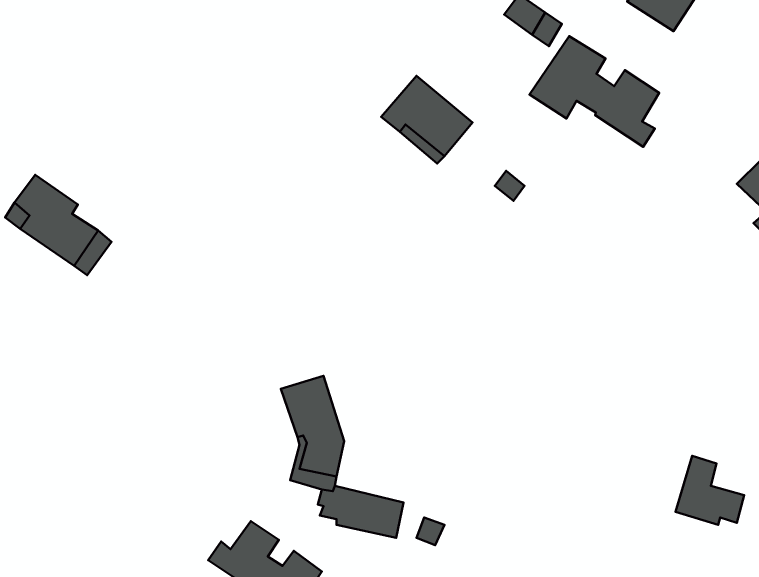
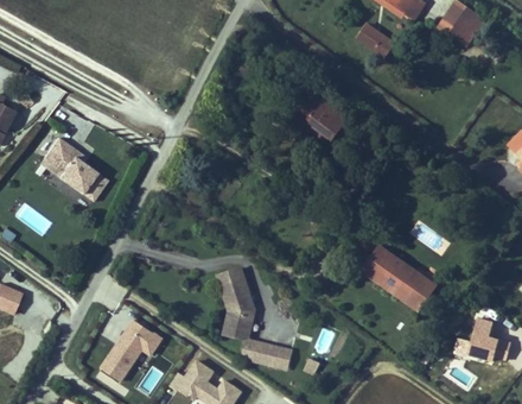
building: [529,36,659,147] -> none
building: none -> [362,245,438,313]
building: none -> [100,318,164,383]

